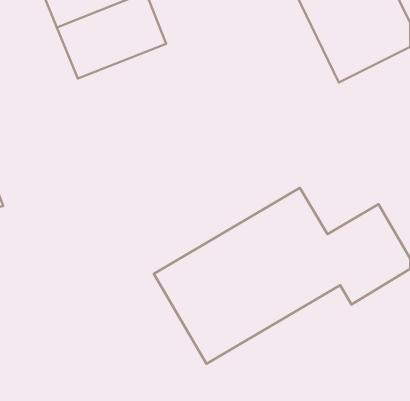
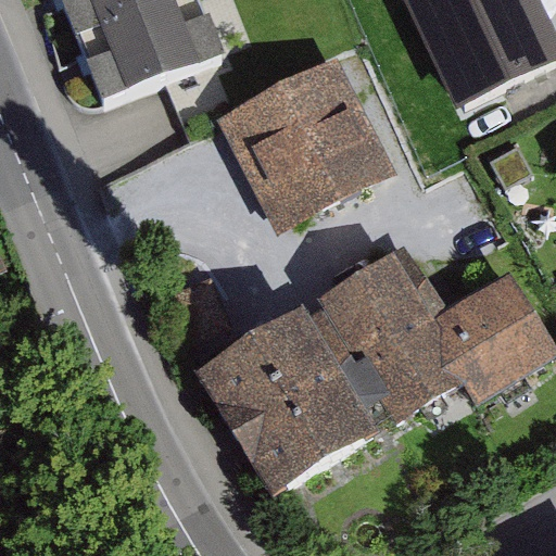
building: none -> [225,64,388,229]

